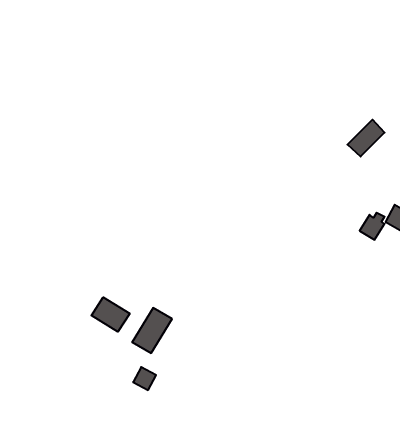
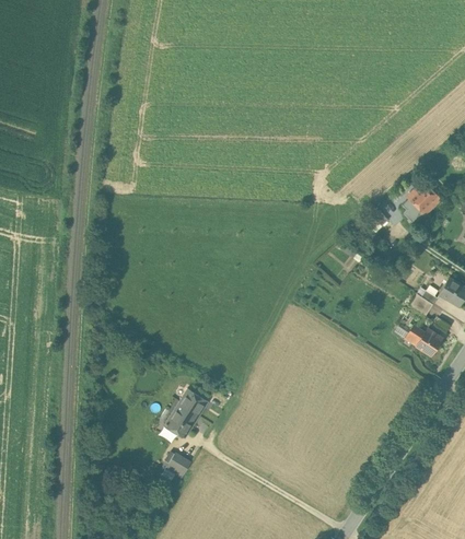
building: none -> [405,325,445,361]
building: [91,297,130,332] -> none

